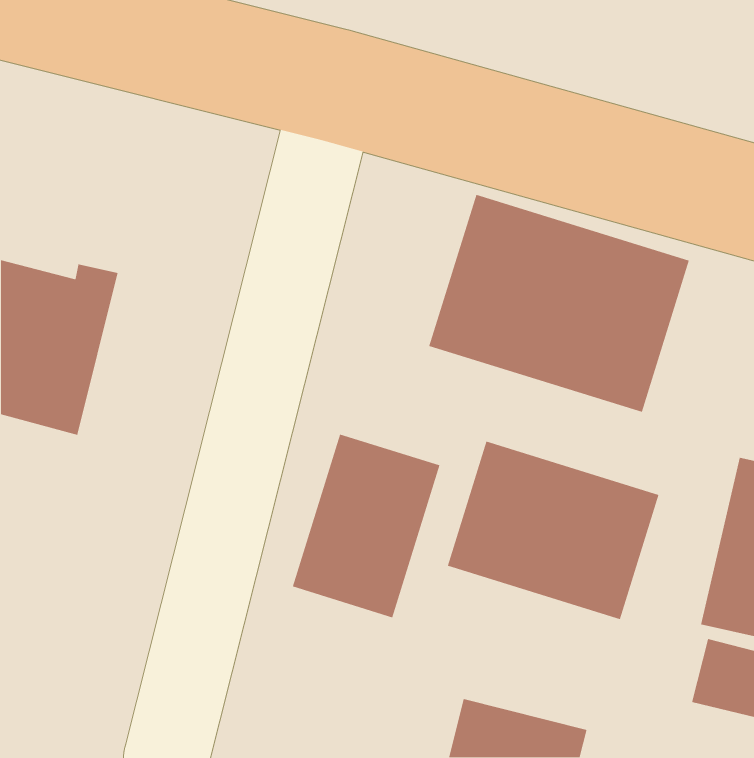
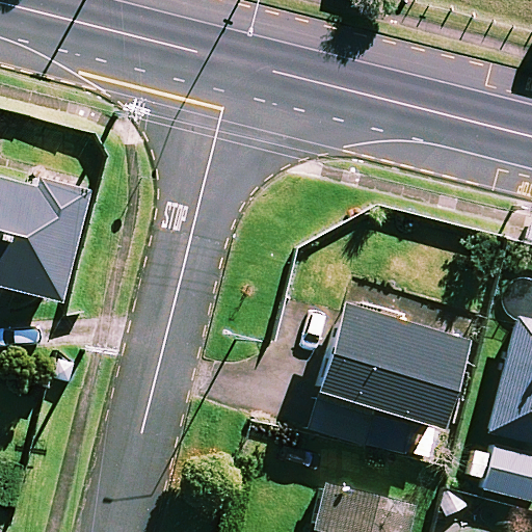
building: [428,194,690,413] -> none
building: [292,434,441,618] -> none

